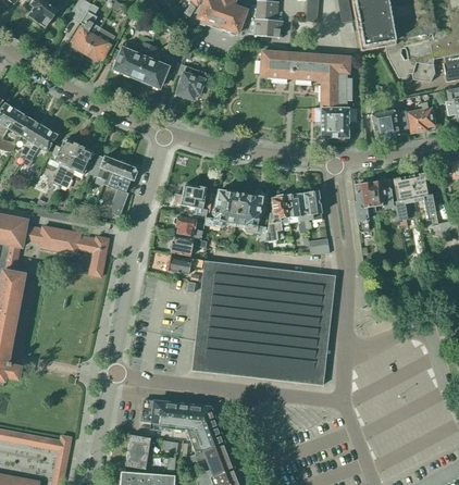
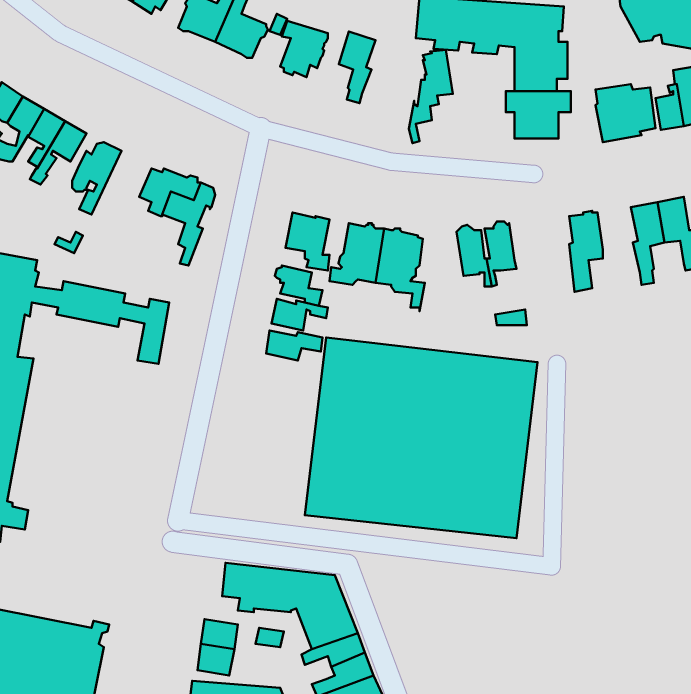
building: none -> [339,32,376,103]
building: [60,145,94,187] -> none
building: [372,181,395,210] -> none
building: [262,195,289,252] -> [409,50,453,143]

